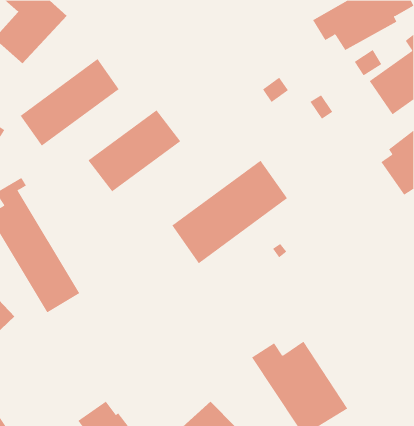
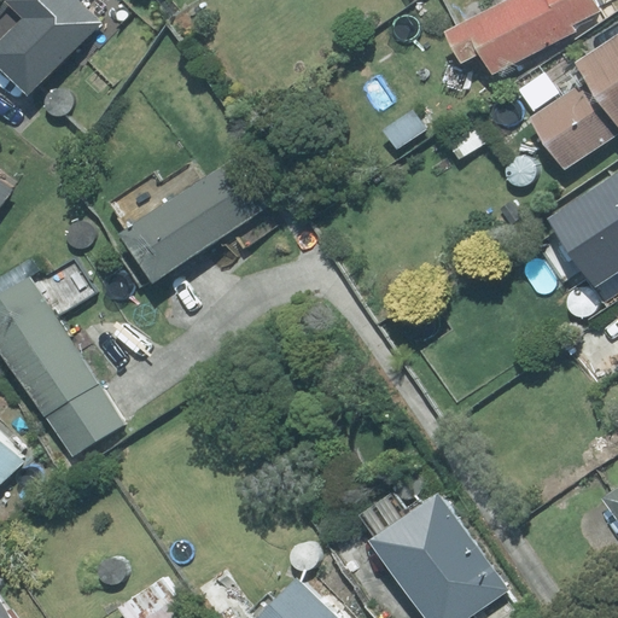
building: [20,58,119,147] -> none
building: [171,160,288,264] -> none

